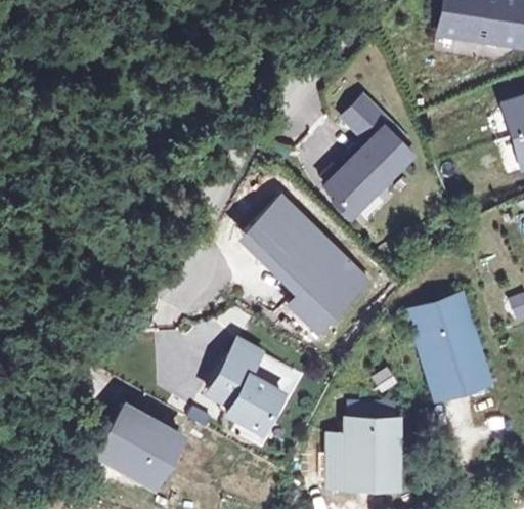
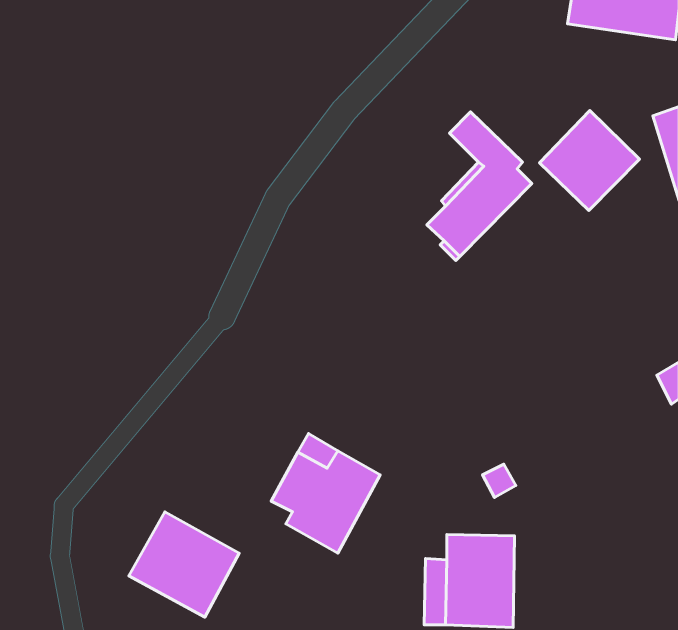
building: none -> [539,110,639,211]
building: [244,196,366,331] -> none
building: [408,293,488,396] -> none

